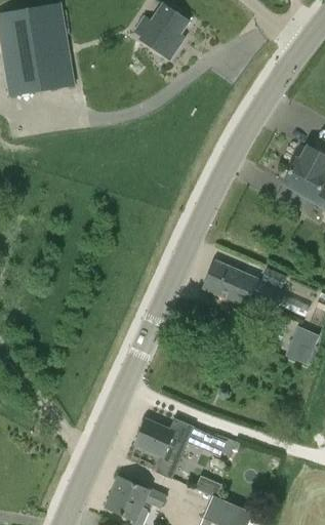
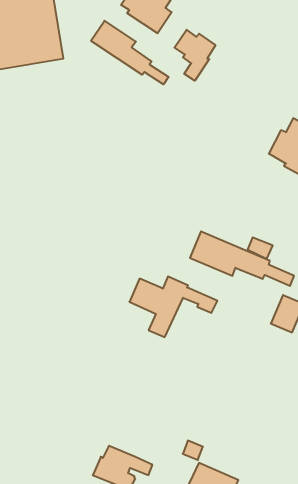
building: none -> [91,21,169,84]
building: none -> [174,30,215,81]
building: [134,417,224,479] -> [129,276,217,337]

